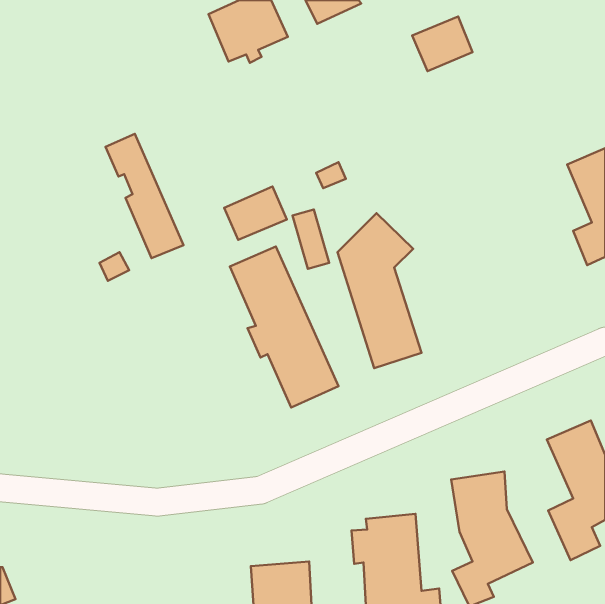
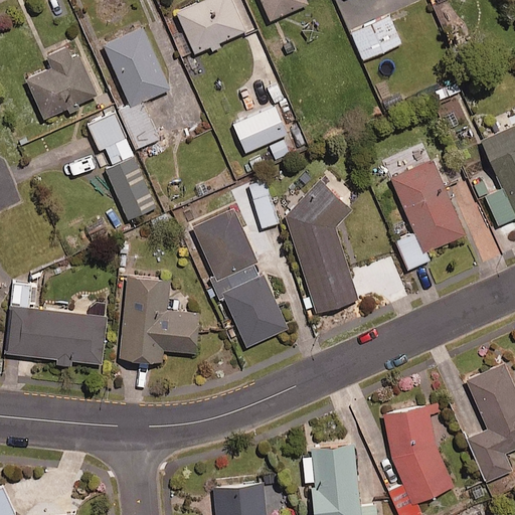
building: none -> [103,29,169,150]
building: none -> [26,49,97,120]
building: [224,186,287,240] -> [233,108,287,153]
building: none -> [391,161,465,271]
building: none -> [123,280,199,364]
building: none -> [7,285,107,368]

